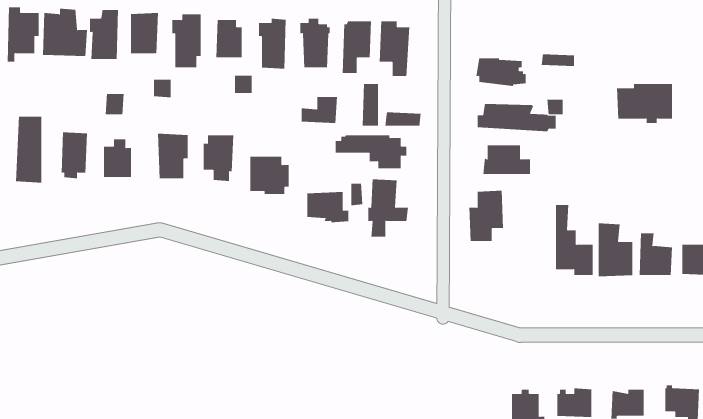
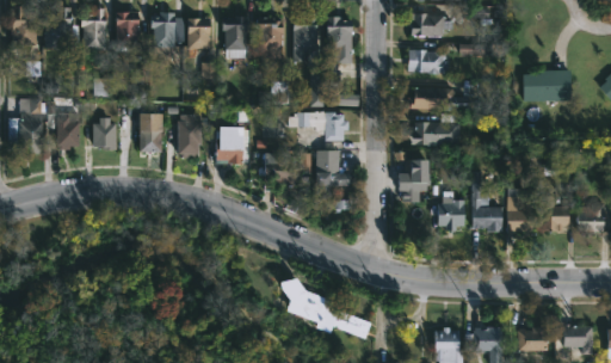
building: none -> [411,13,455,37]
building: none -> [431,195,465,230]
building: none -> [279,277,371,339]

